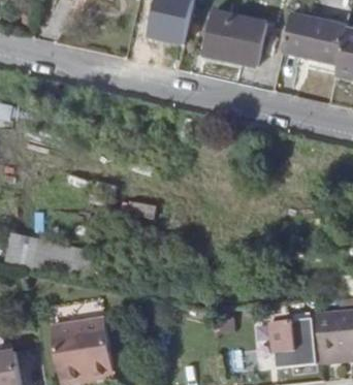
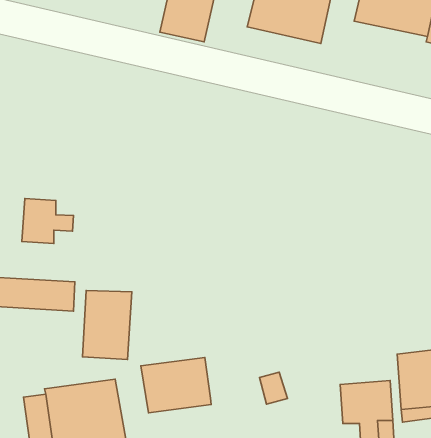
building: none -> [22,199,74,243]
building: none -> [82,290,132,359]
building: none -> [141,357,211,413]

